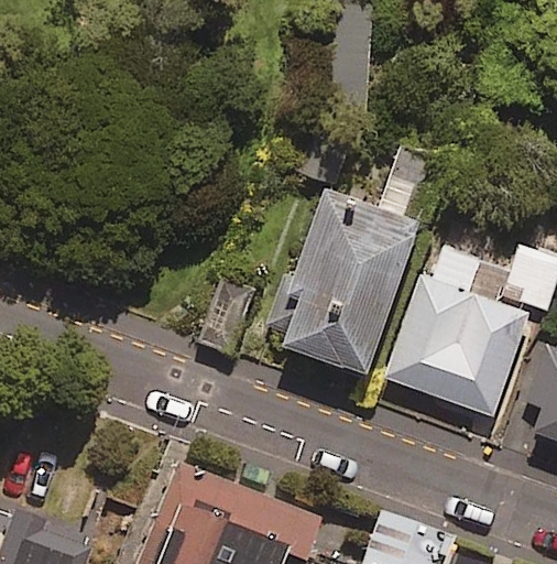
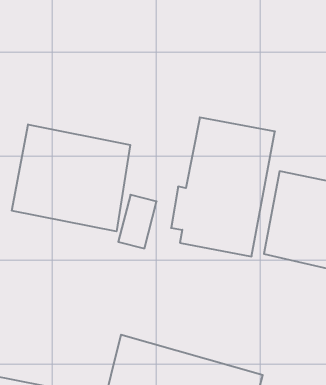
building: none -> [12,124,130,231]

